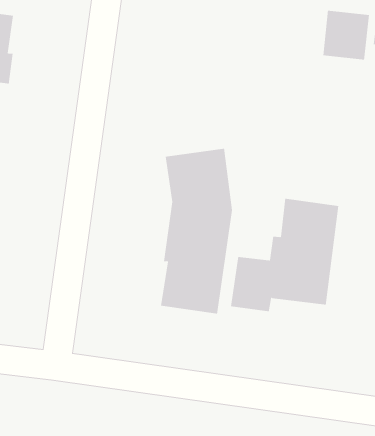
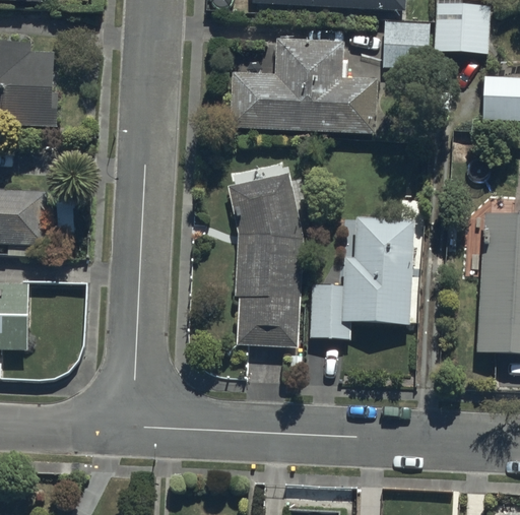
building: none -> [230,40,378,133]

